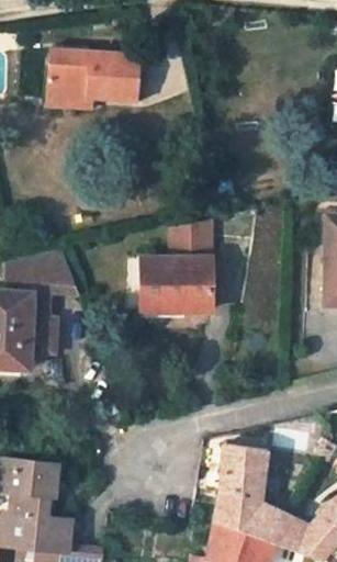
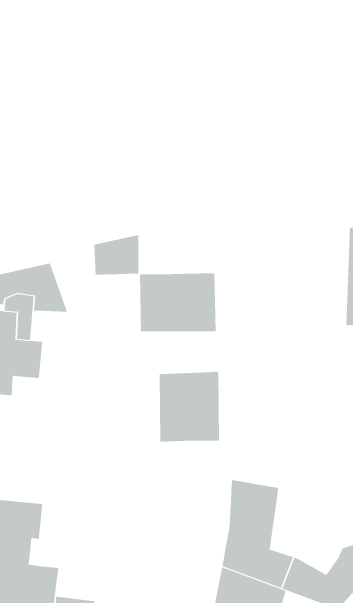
building: [47,48,142,103] -> none
building: [169,222,210,258] -> [94,235,139,275]
building: none -> [159,371,220,442]

